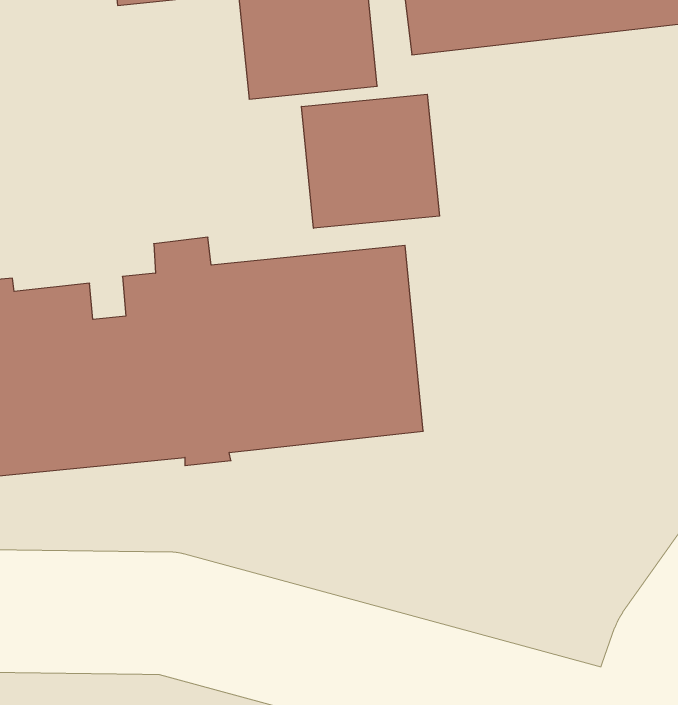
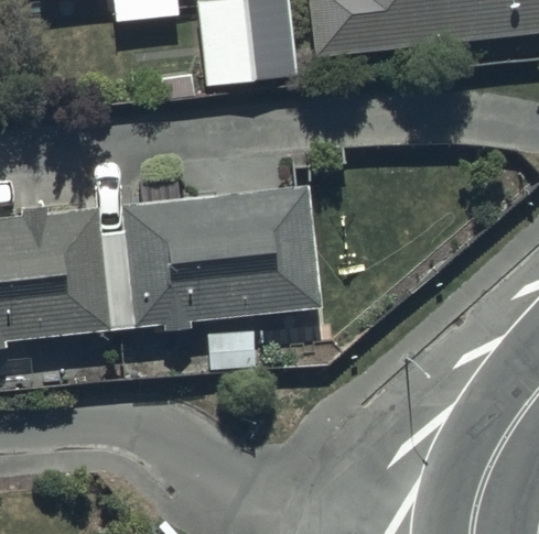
building: [301,94,439,228] -> none

